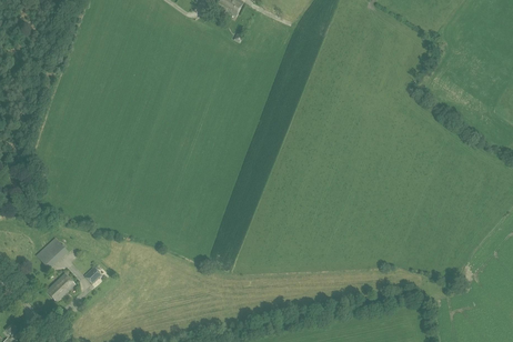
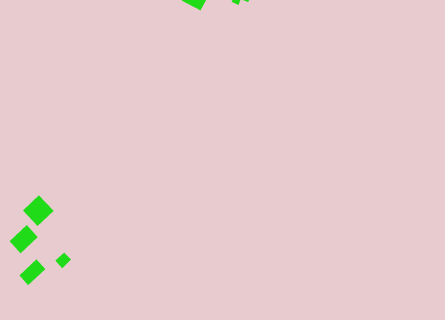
building: none -> [22,194,55,227]

